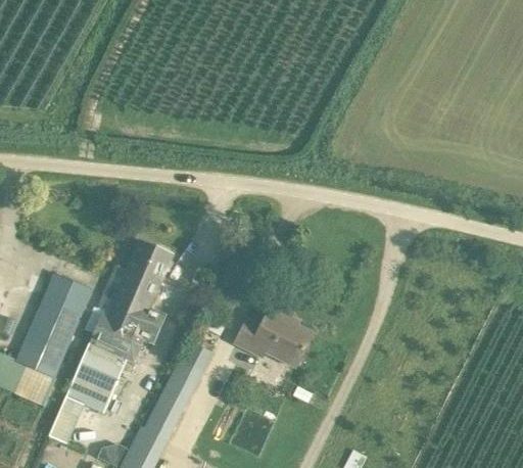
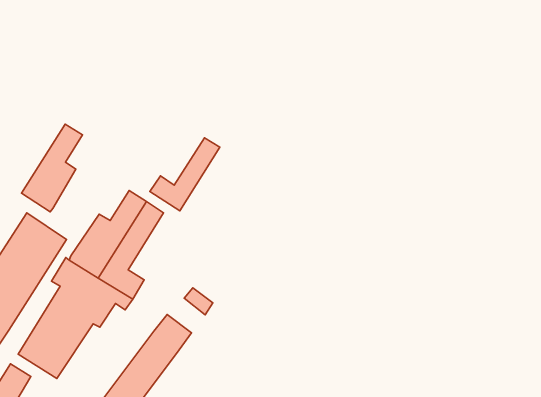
building: none -> [150,138,220,211]
building: none -> [22,124,82,212]
building: [235,307,313,369] -> none

